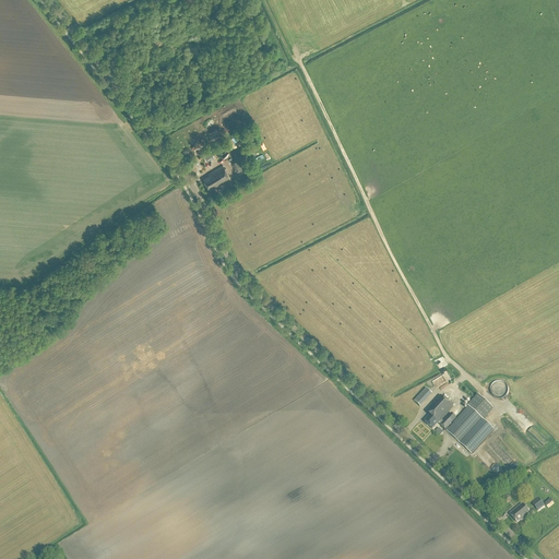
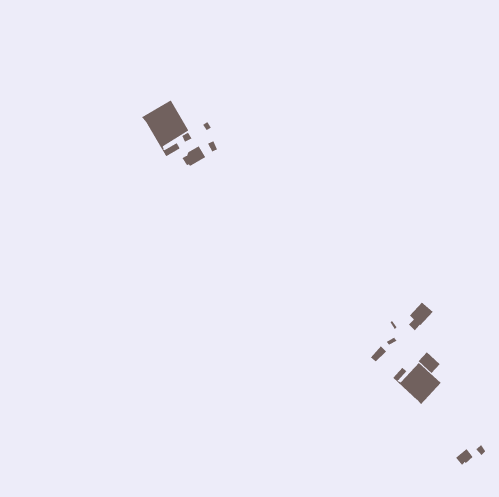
building: none -> [141,99,189,157]
building: [424,394,452,427] -> [408,302,434,331]

